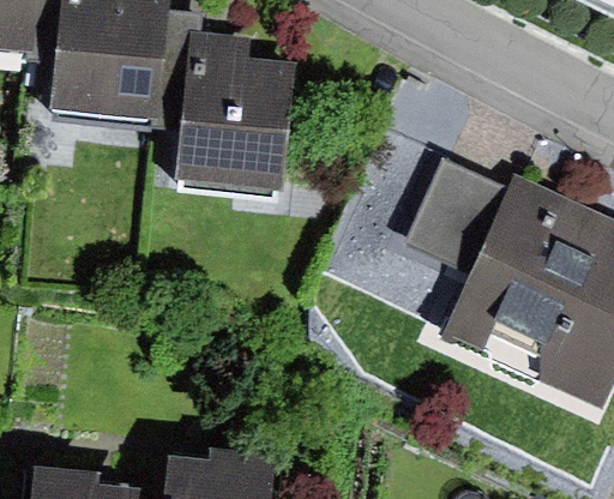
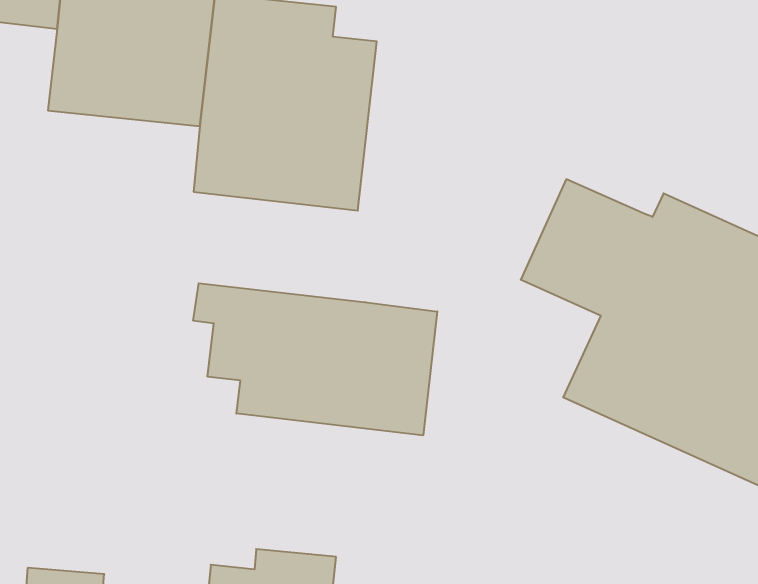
building: none -> [193,283,437,435]

